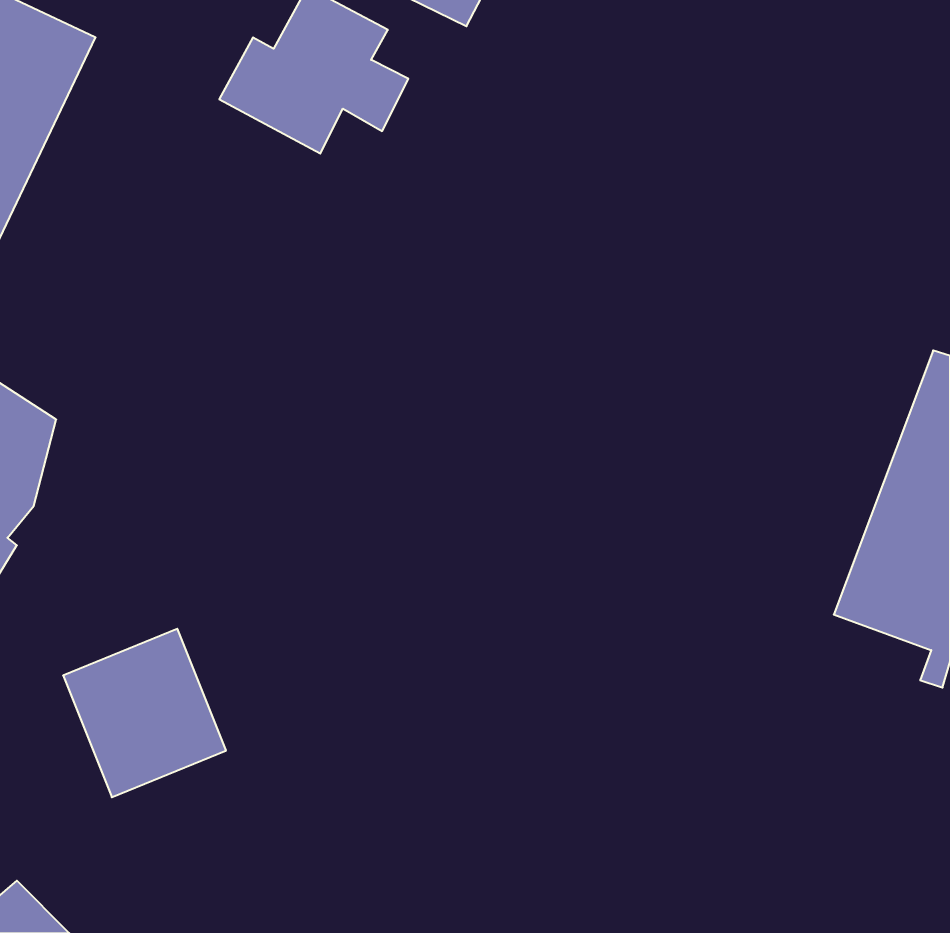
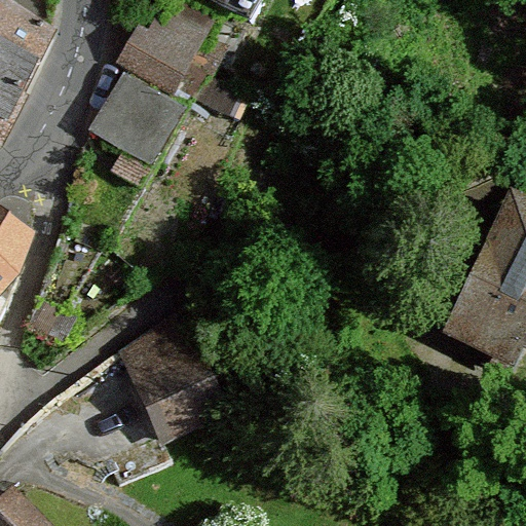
building: none -> [87,69,185,162]
building: [63,629,226,797] -> [129,345,219,438]

